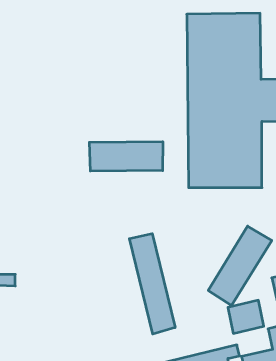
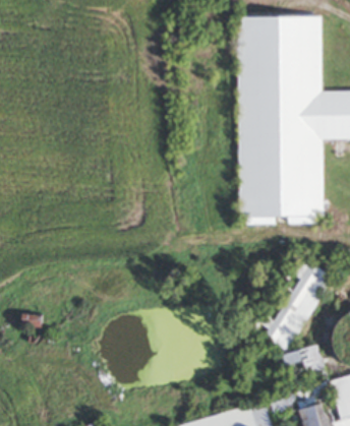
building: [89,142,163,171] -> none
building: [129,234,175,334] -> none

